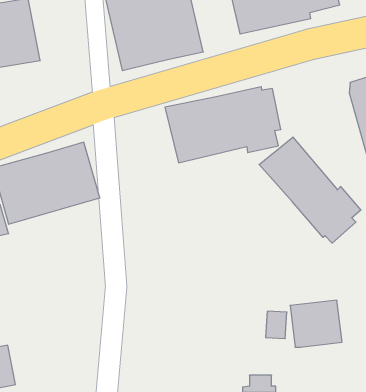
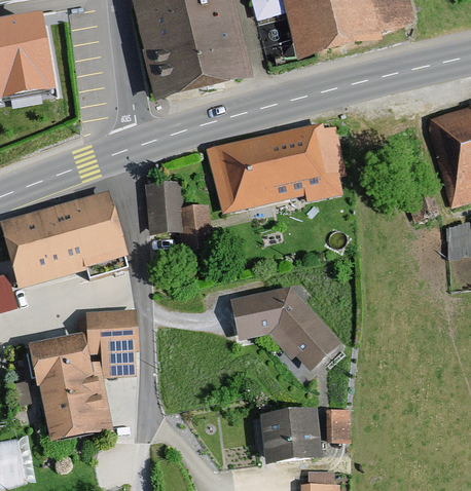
building: none -> [146,181,214,252]
building: [259,137,361,243] -> none
building: none -> [229,285,342,370]
building: none -> [29,307,140,443]
building: [290,300,342,347] -> [260,408,323,464]

